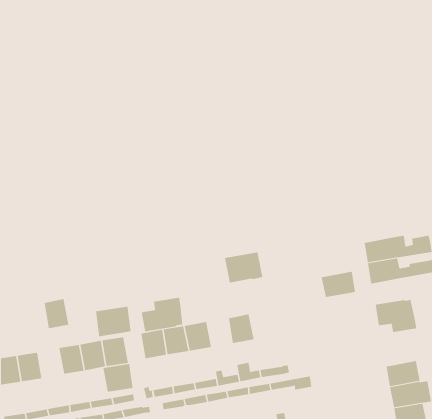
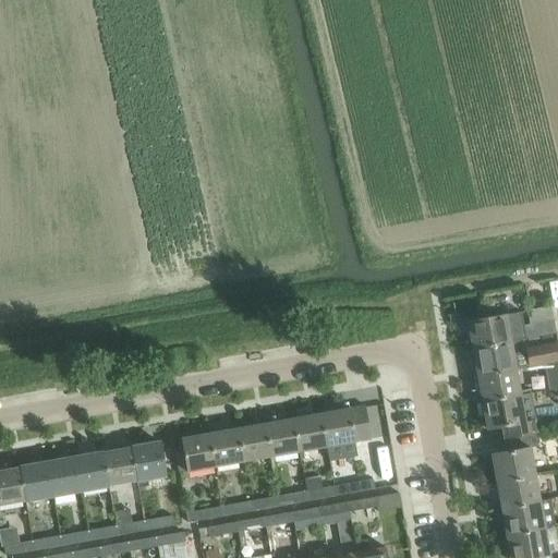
building: [224,252,263,283] -> [322,405,372,446]
building: [321,271,356,297] -> [477,367,522,401]
building: [141,297,183,332] -> none
building: [44,298,69,329] -> [50,457,83,496]
building: [95,306,131,337] -> none
building: none -> [267,418,300,456]
building: none -> [493,432,539,481]
building: [103,363,133,392] -> none

